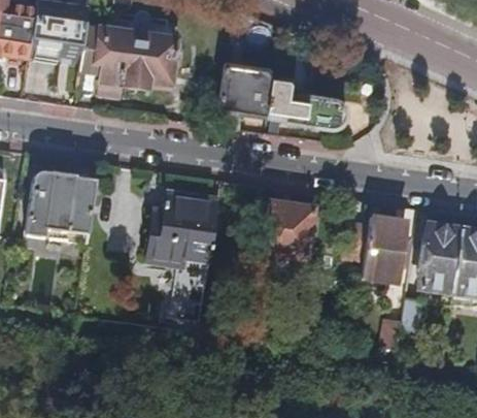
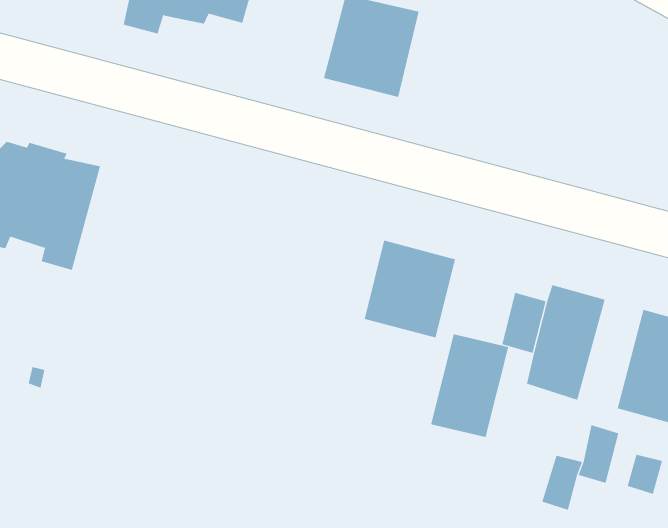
building: [267,74,349,128] -> none
building: [147,193,217,286] -> none
building: none -> [430,334,509,438]

